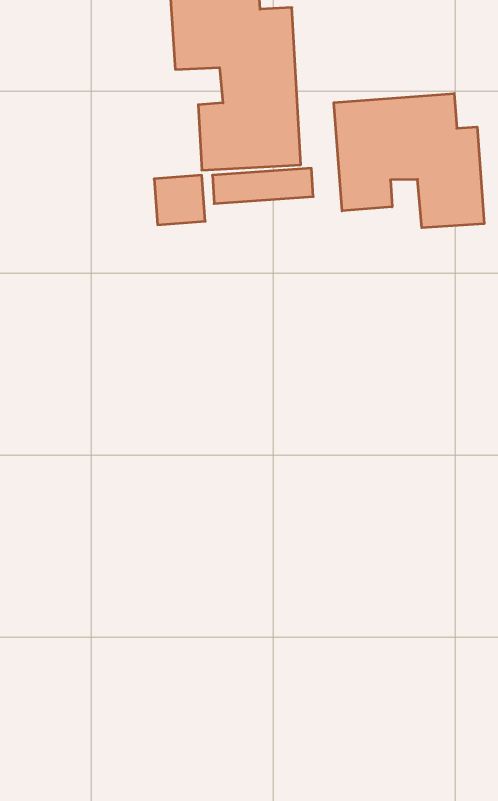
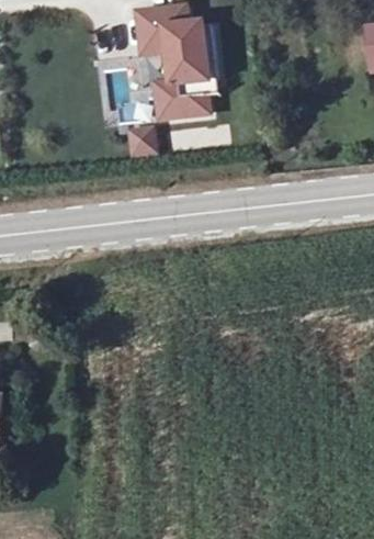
building: [334,93,484,228] -> none

